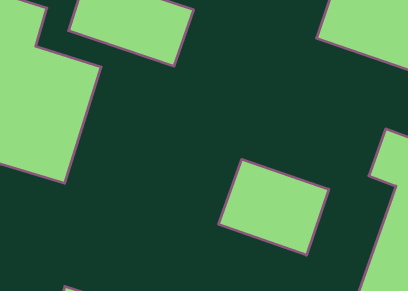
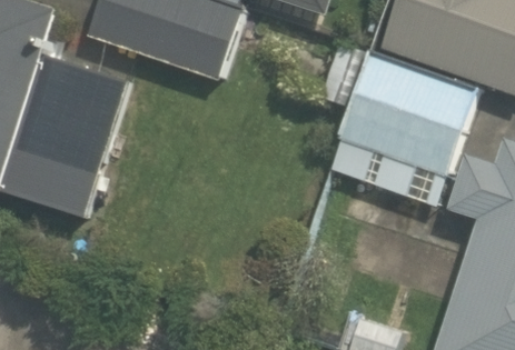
building: none -> [337,52,474,171]
building: [219,159,329,255] -> none

